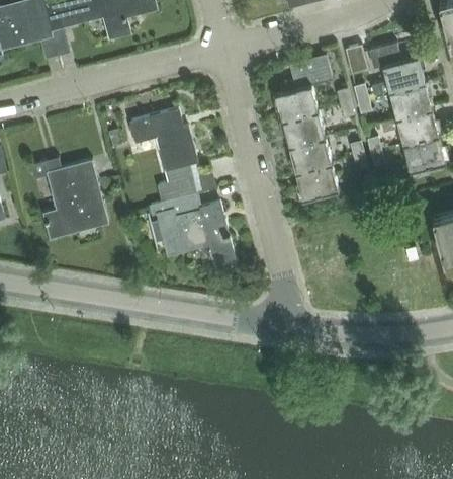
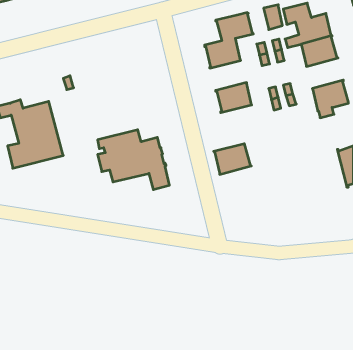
building: [380,107,439,144] -> none
building: [131,108,197,199] -> none
building: [281,110,325,146] -> none
building: [294,163,339,199] -> [214,144,251,174]

